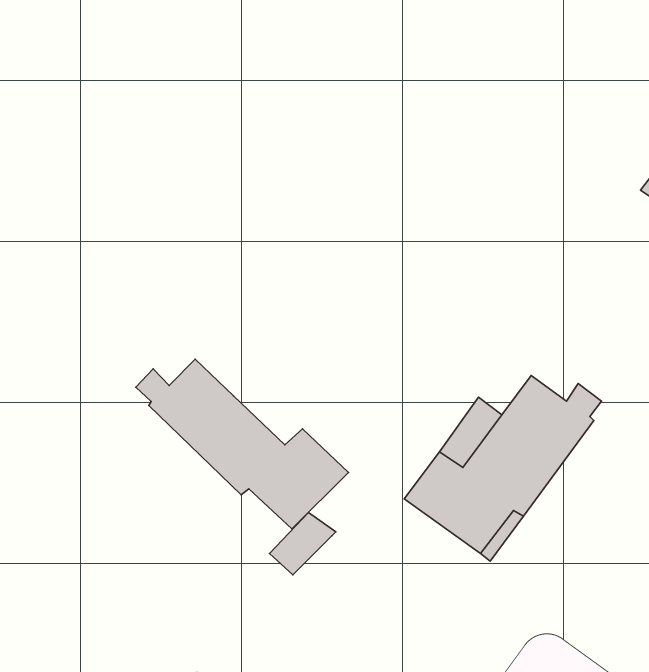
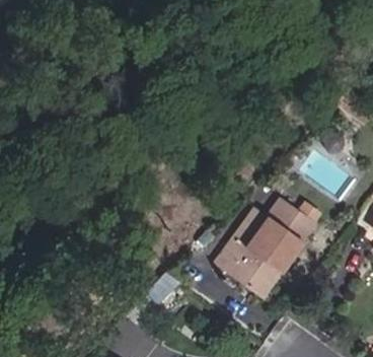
building: [136,359,348,529] -> none

